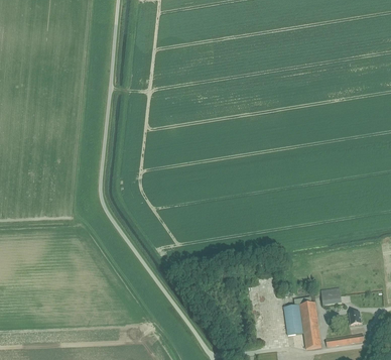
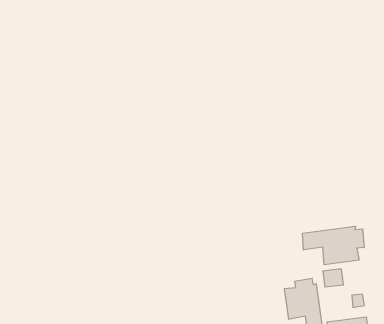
building: none -> [303,226,364,265]

